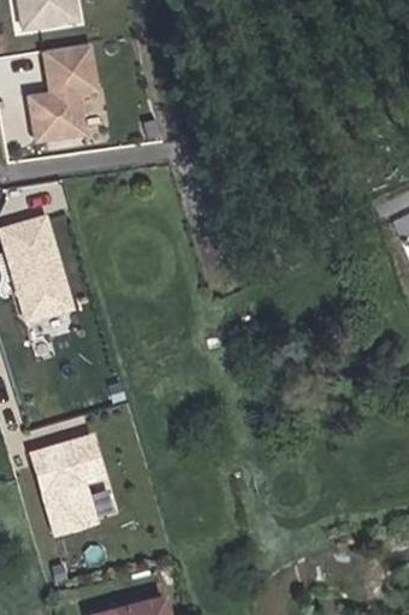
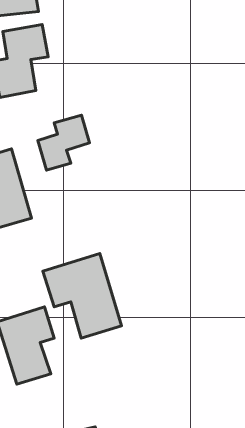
building: none -> [38,115,90,170]
building: none -> [43,253,121,338]

